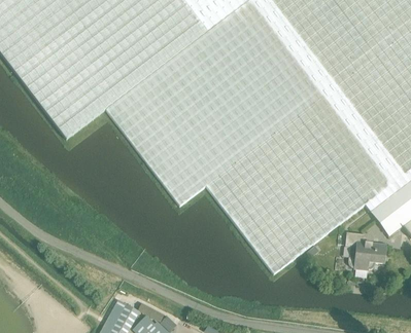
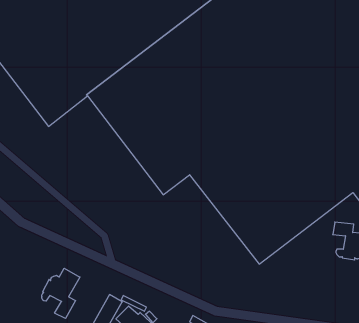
building: none -> [42,268,80,318]

